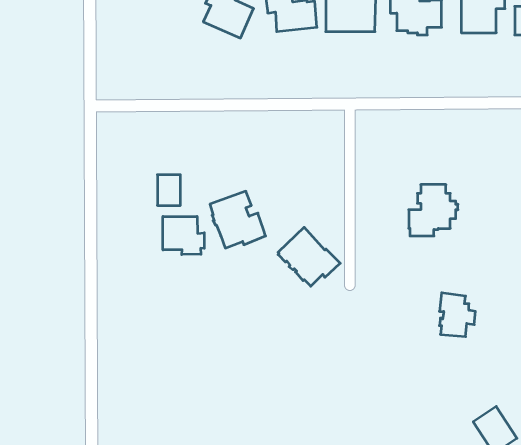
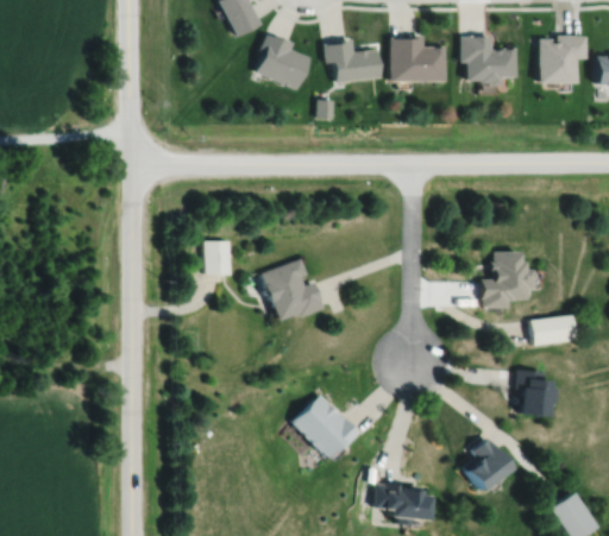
building: [163,216,204,255] -> none
building: [278,227,340,286] -> [294,393,362,458]
building: none -> [530,314,576,345]
building: none -> [462,437,510,492]
building: none -> [375,483,433,525]

